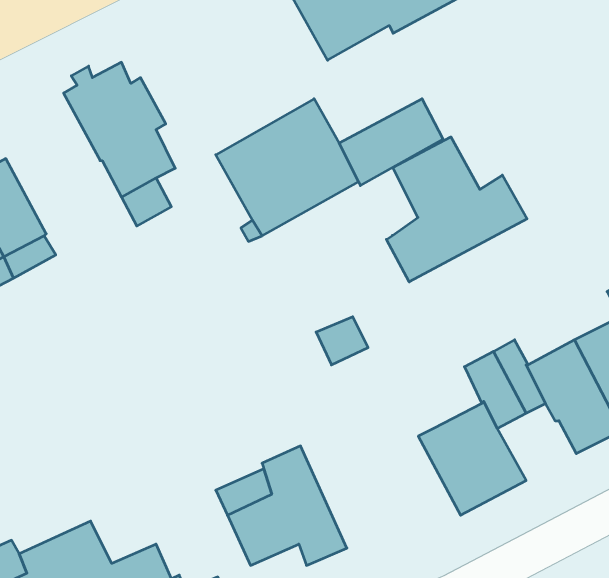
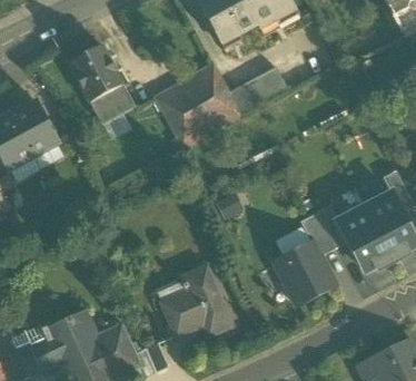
building: [386,137,527,282] -> none
building: none -> [274,225,310,256]

